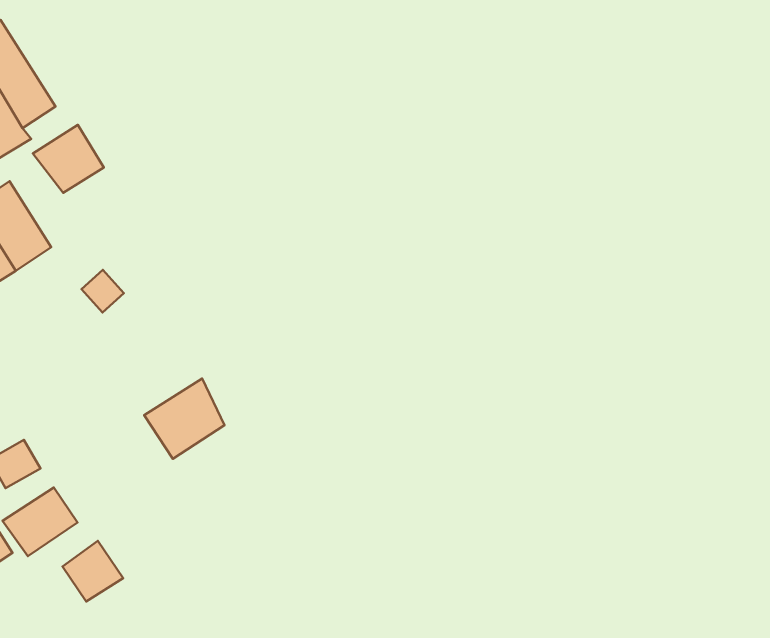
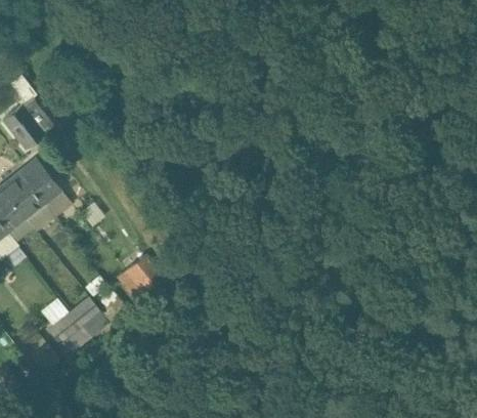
building: [33,125,104,193] -> none
building: [63,541,123,602] -> [75,304,107,337]

